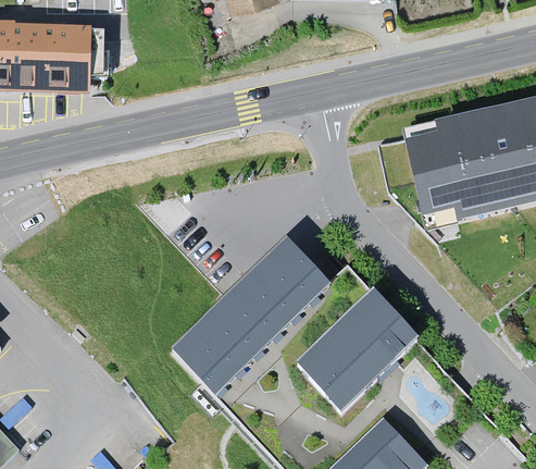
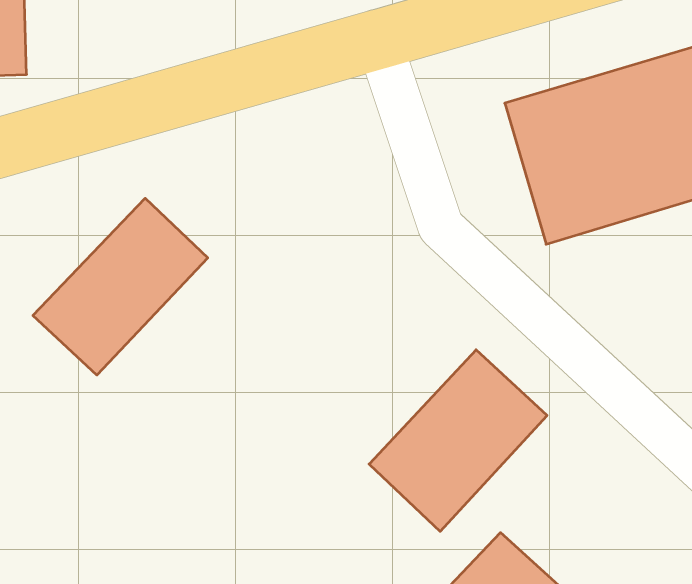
building: none -> [33,198,208,375]
building: [170,238,333,395] -> none

